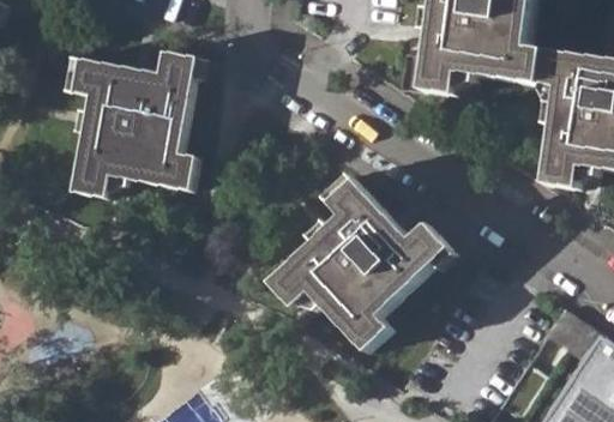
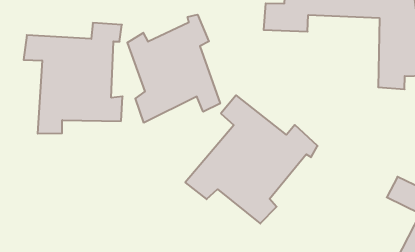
building: none -> [127,15,220,123]

